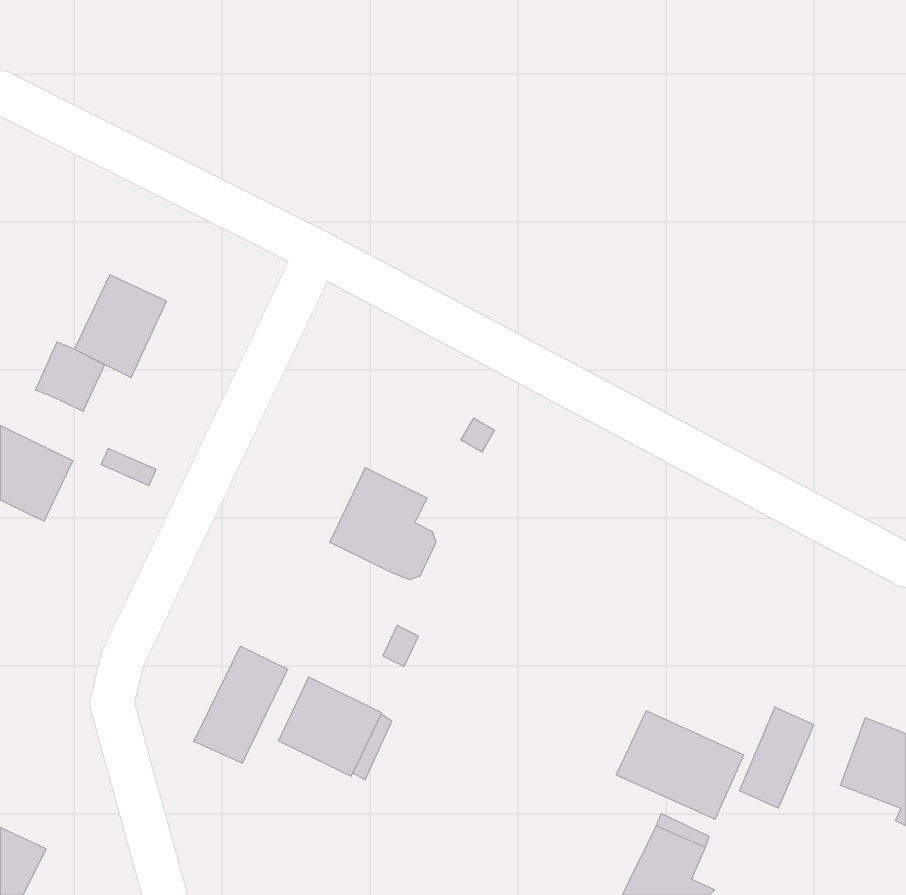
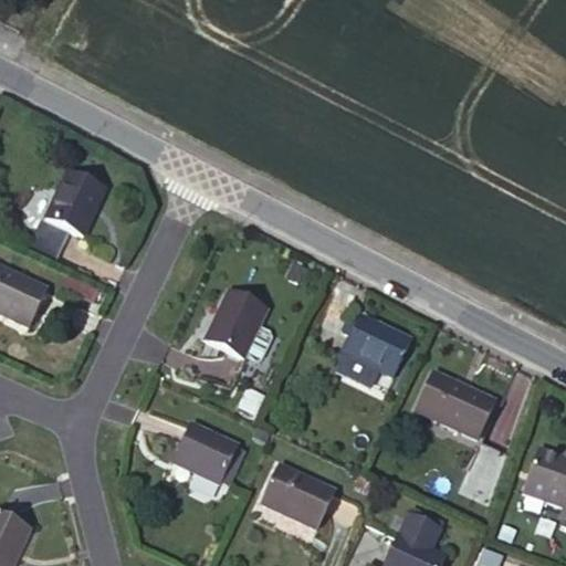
building: none -> [342,317,409,377]
building: [194,646,288,763] -> none
building: [616,711,744,819] -> [416,371,495,439]
building: none -> [262,465,333,527]

